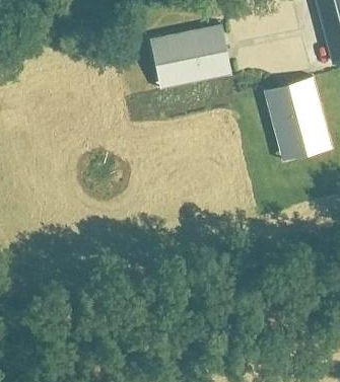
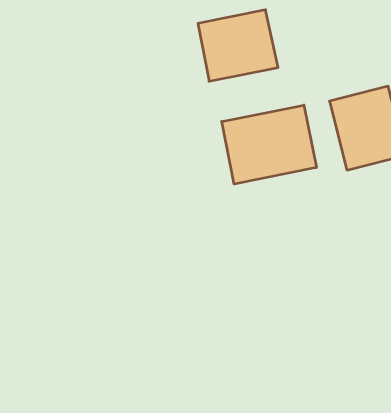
building: none -> [222,105,316,184]

